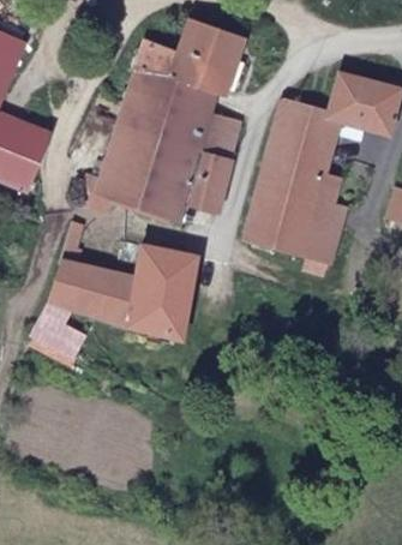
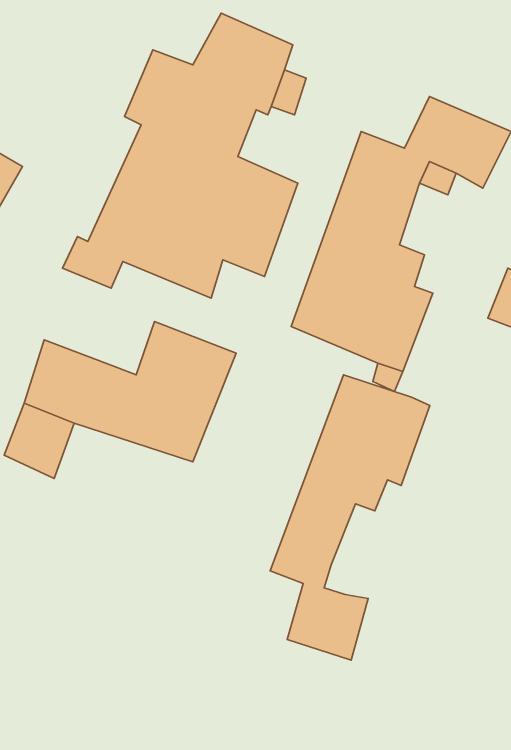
building: none -> [270,375,430,660]

